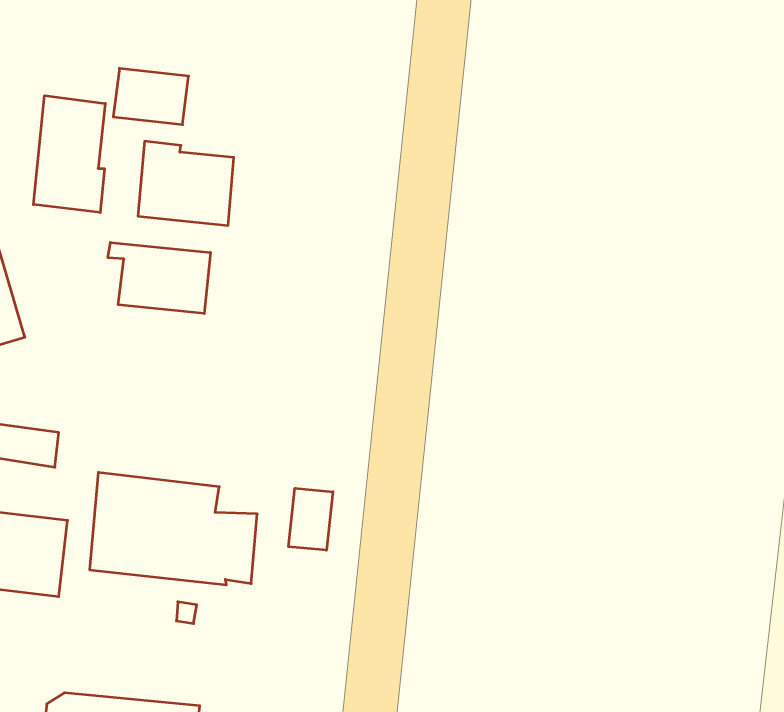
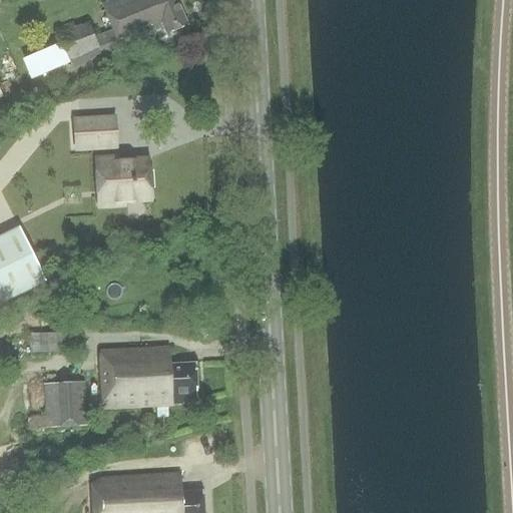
building: [33,96,105,213] -> none
building: [108,242,210,314] -> none
building: [289,488,333,550] -> none

